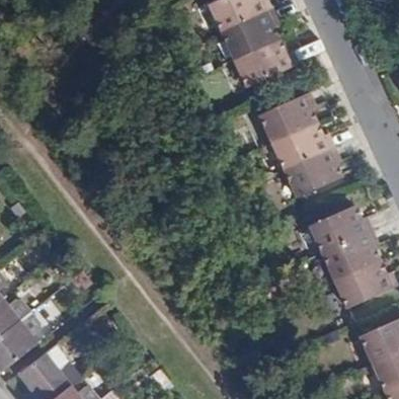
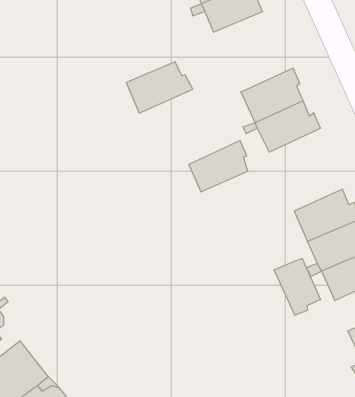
building: [234,39,296,87] -> [126,62,193,113]
building: [286,148,340,195] -> [189,141,248,192]
building: none -> [274,258,321,315]

